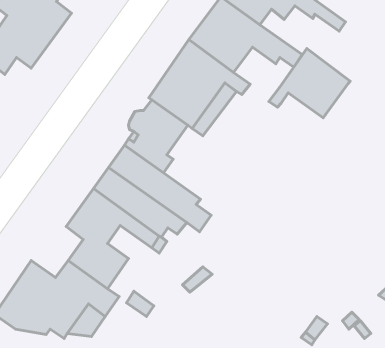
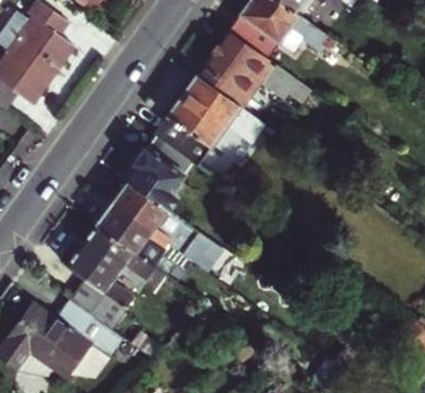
building: [269,48,350,118] -> none

